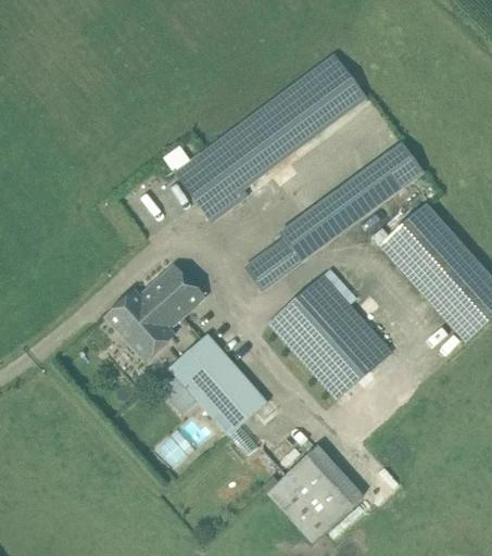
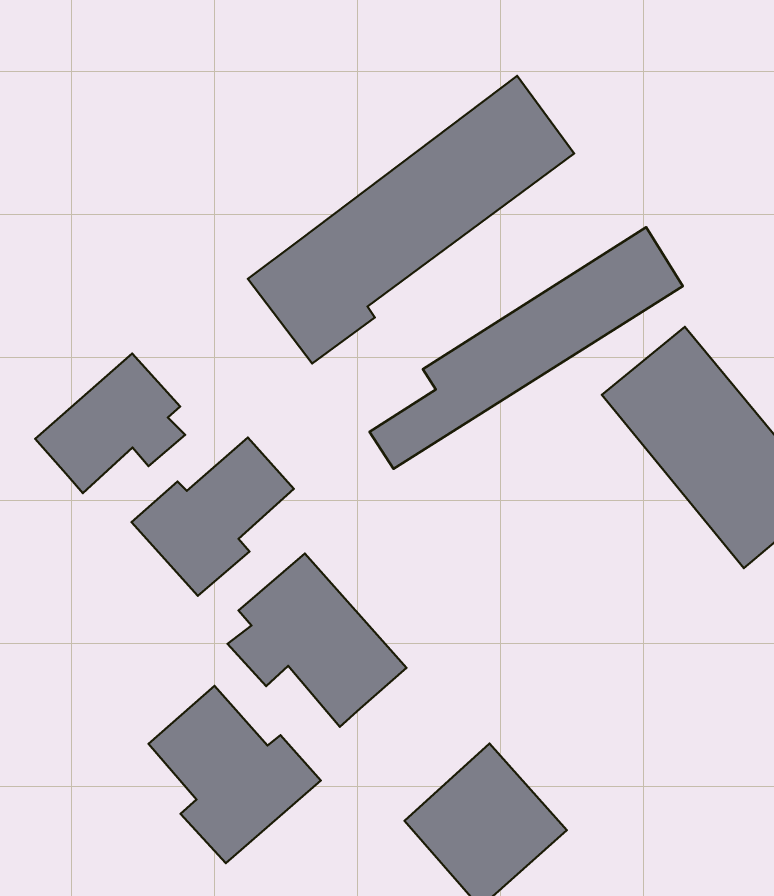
building: none -> [35,354,185,493]
building: [266,273,391,402] -> none
building: none -> [148,686,321,863]

